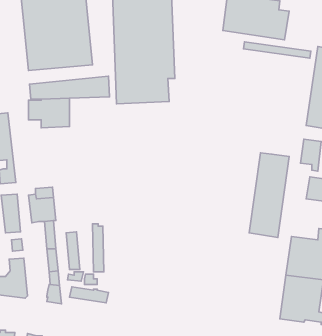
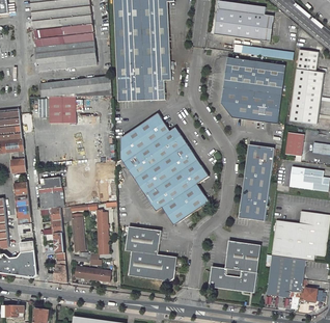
building: none -> [220,56,285,124]
building: none -> [120,110,209,221]
building: none -> [125,224,177,280]
building: none -> [209,239,260,291]

